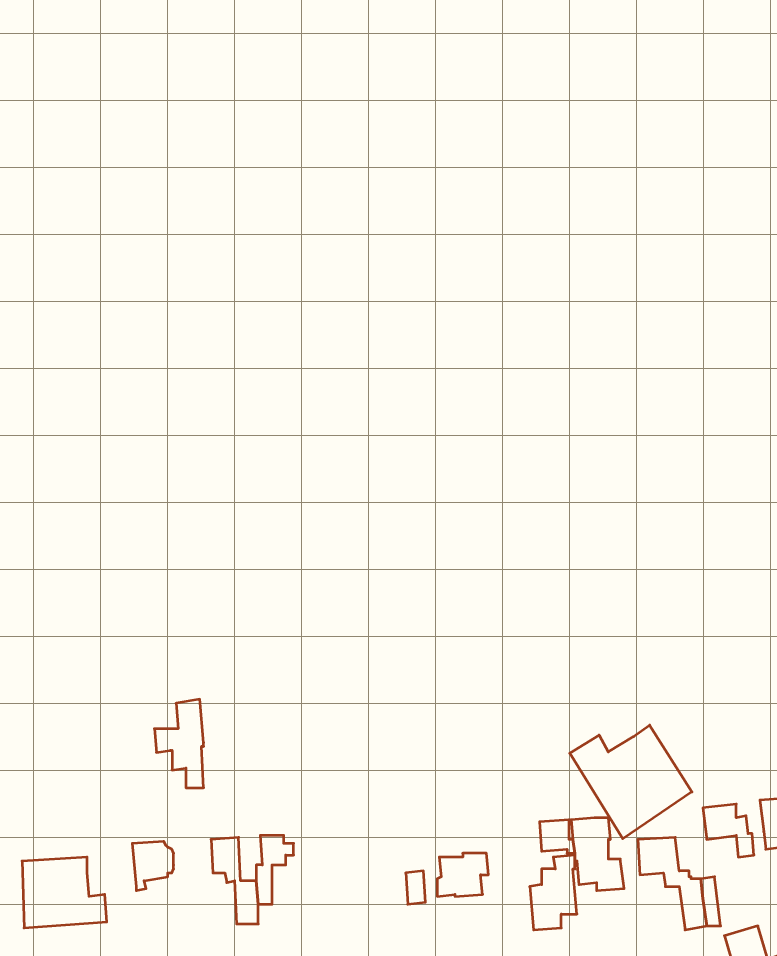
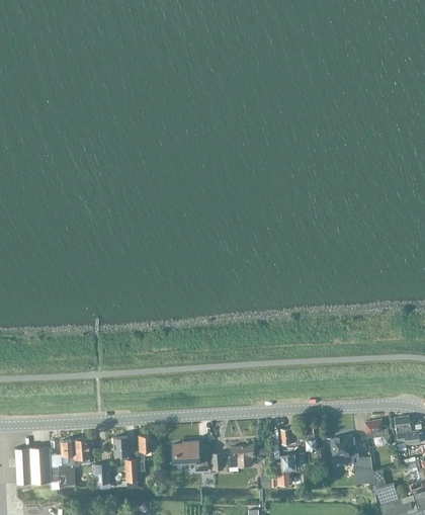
building: [154,699,204,788] -> [49,440,74,486]
building: [570,725,692,839] -> none
building: none -> [173,441,208,471]
building: none -> [92,464,109,488]

